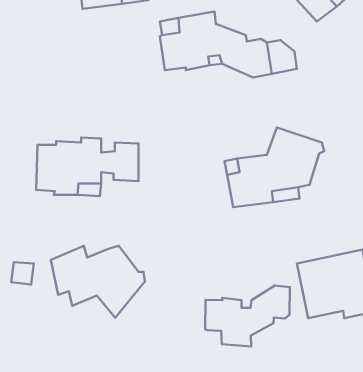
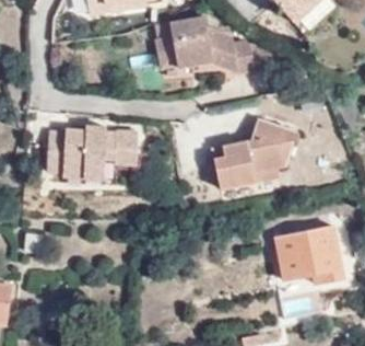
building: [51,246,145,318] -> none
building: [205,286,290,346] -> none

